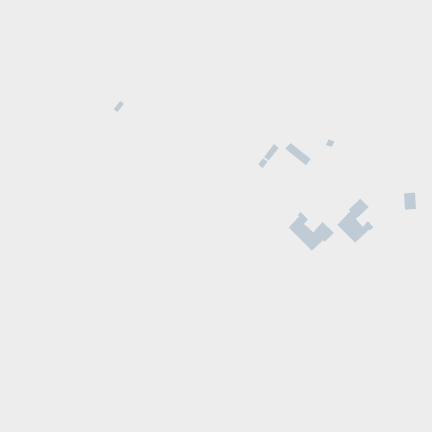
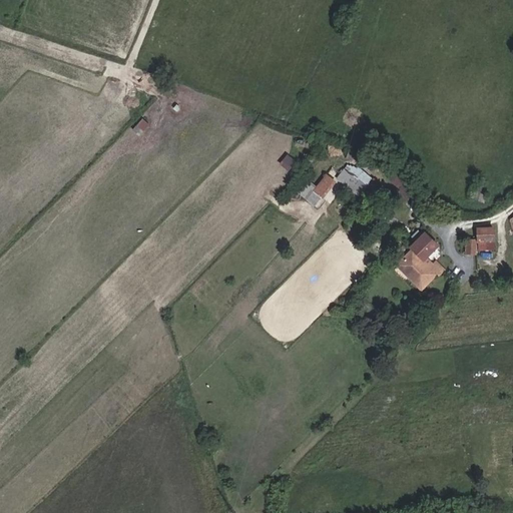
building: [288,211,335,251] -> none

